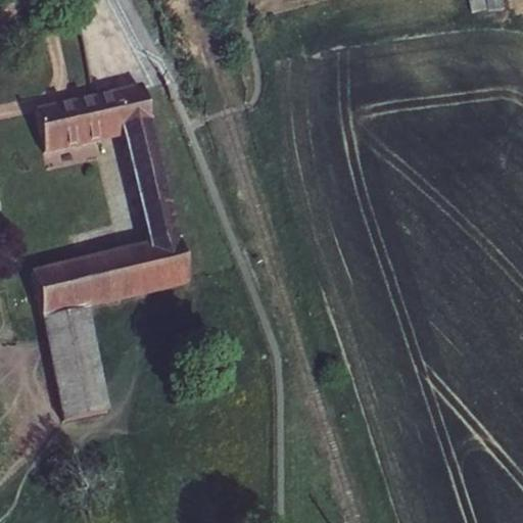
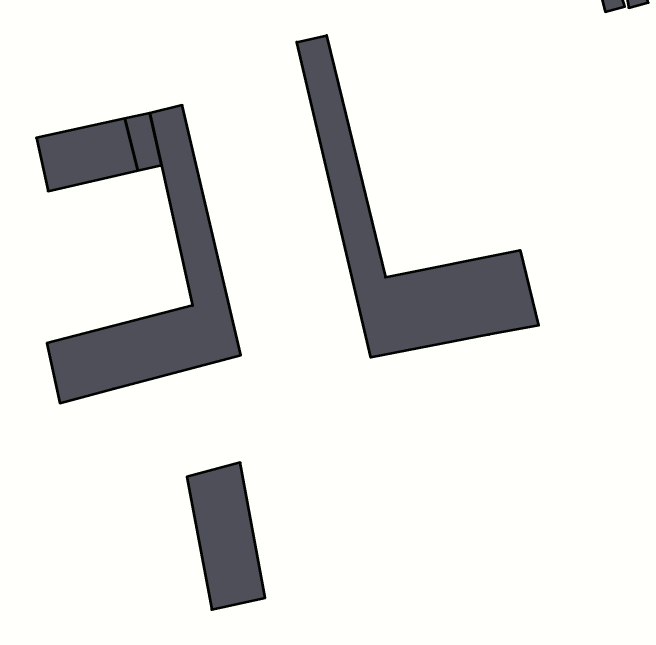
building: none -> [297,35,539,357]
building: [47,305,108,421] -> [187,463,265,610]

